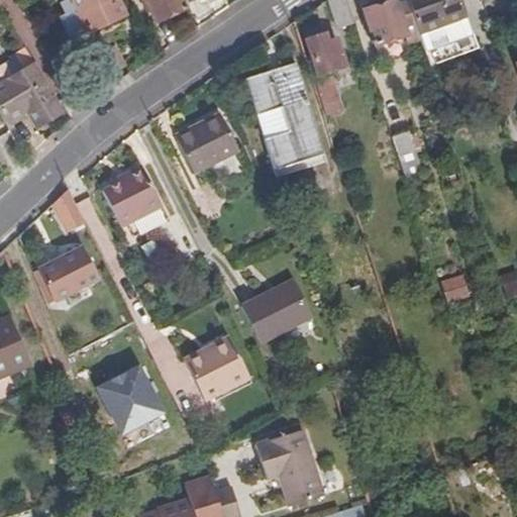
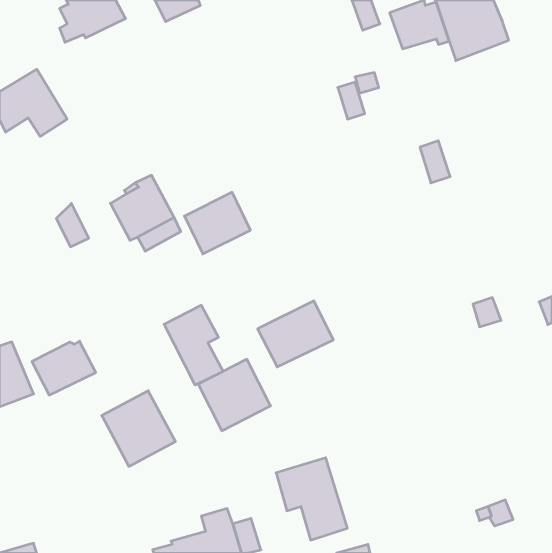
building: [311,32,354,73] -> none
building: [247,66,328,177] -> none
building: [176,115,237,173] -> [184,192,250,254]
building: [37,247,97,298] -> [32,341,96,395]
building: none -> [164,305,223,385]

